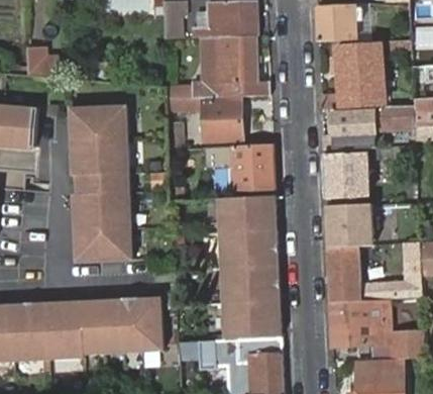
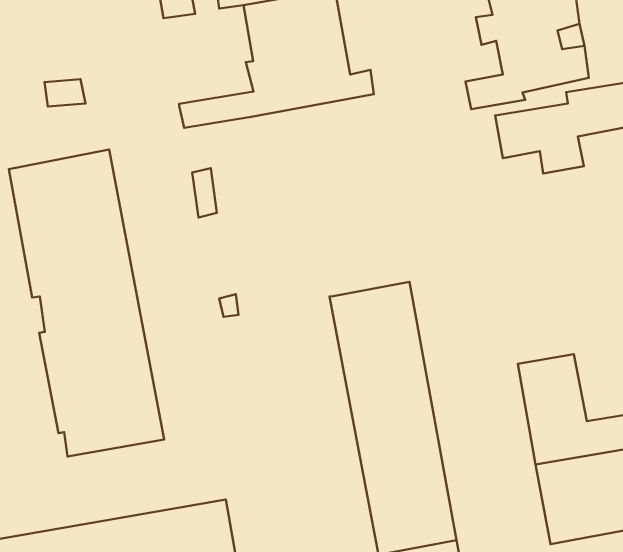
building: [167,98,241,142] -> none
building: [230,144,275,199] -> none
building: [322,155,367,199] -> none
building: [324,206,378,249] -> none

